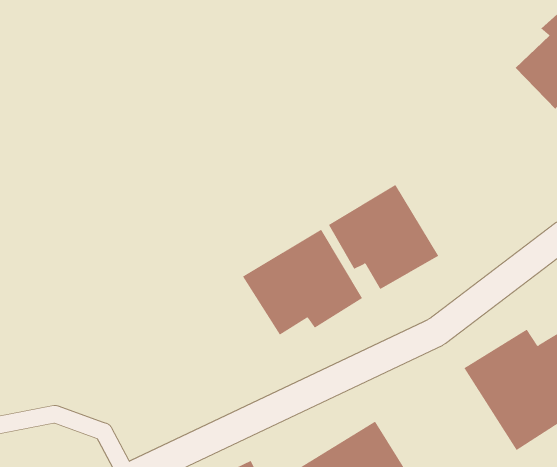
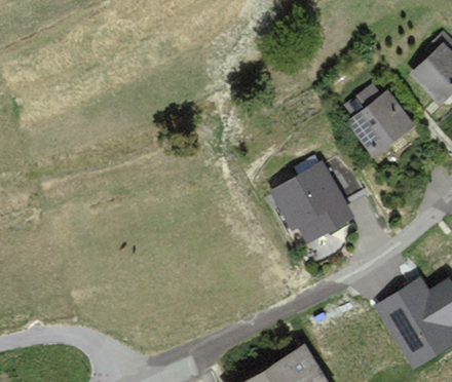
building: none -> [345,86,416,158]
building: [242,229,363,335] -> none

